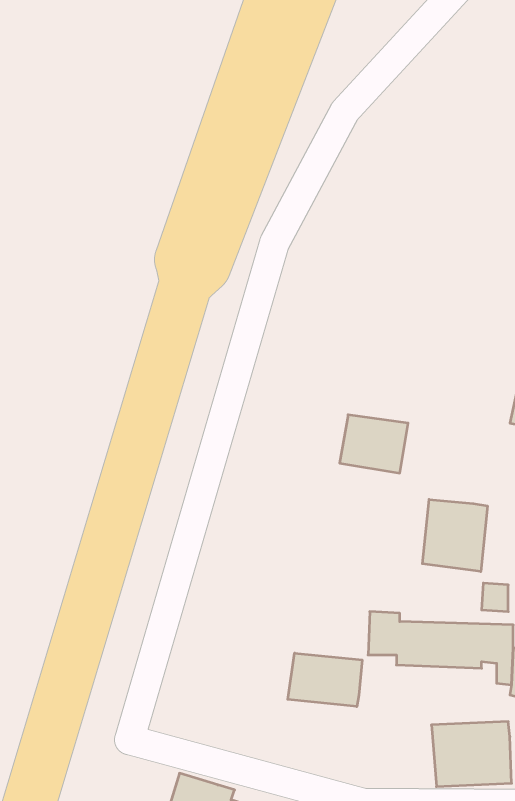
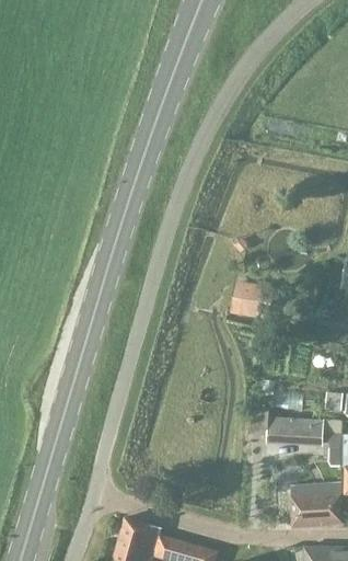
building: [422,499,487,572] -> none
building: [288,653,362,707] -> none

